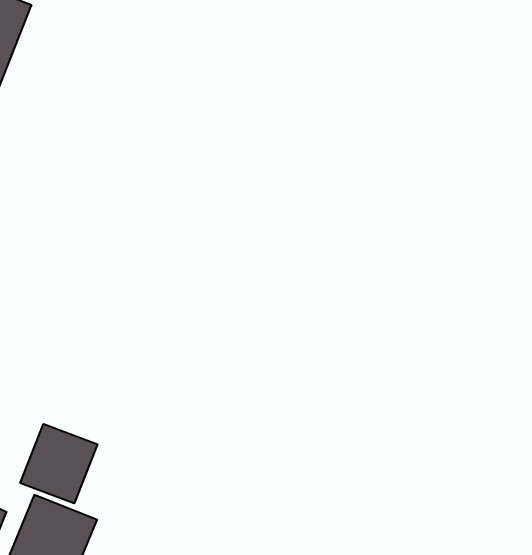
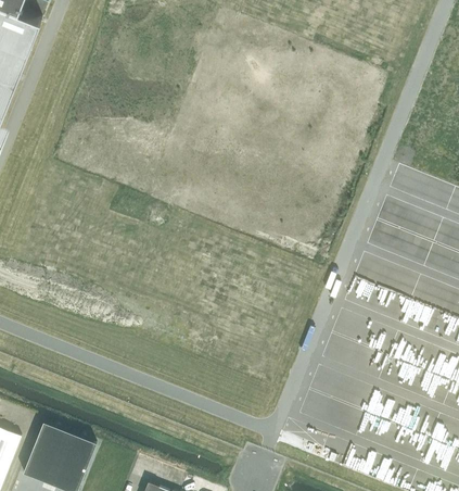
building: [20,424,97,503] -> none

